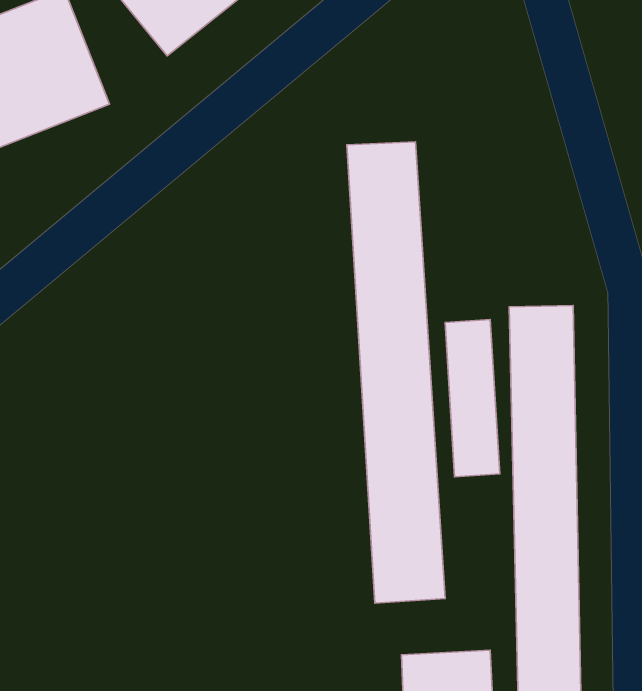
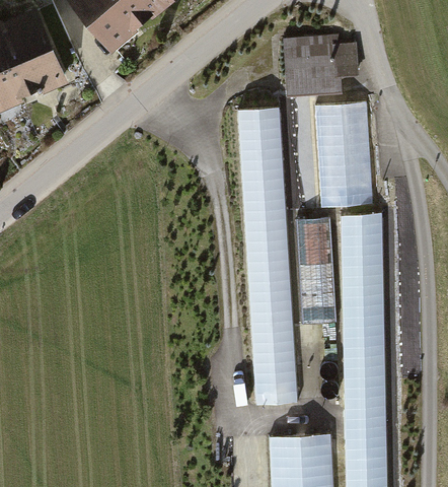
building: none -> [284,34,359,93]
building: none -> [313,102,370,206]

